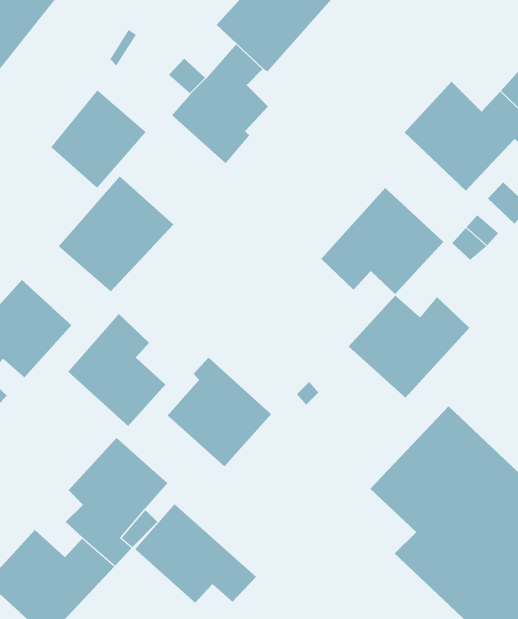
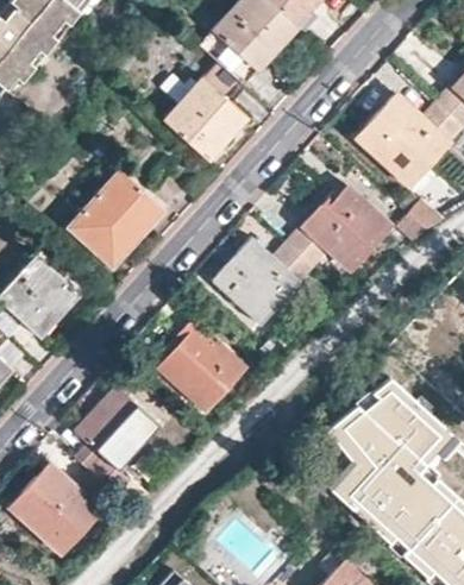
building: [50,90,147,188] -> none
building: [348,295,470,398] -> [212,239,313,325]
building: [68,313,166,427] -> none
building: [134,503,257,604] -> none

